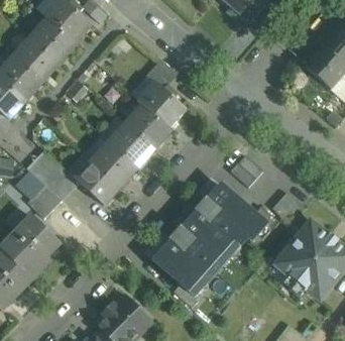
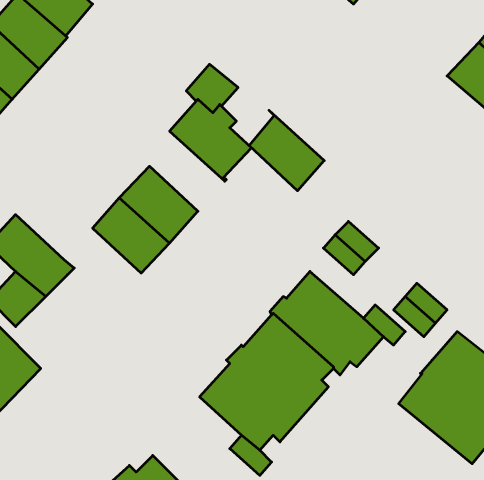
building: [124,100,169,148] -> [249,110,324,191]
building: [73,158,119,205] -> none

